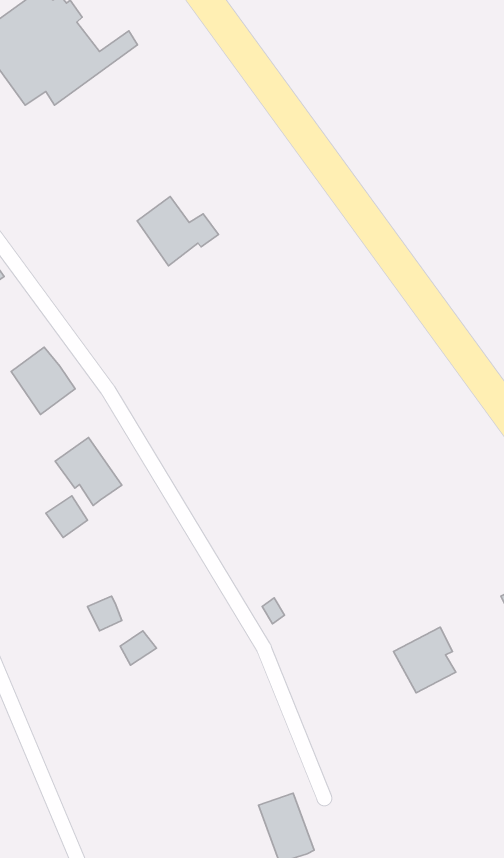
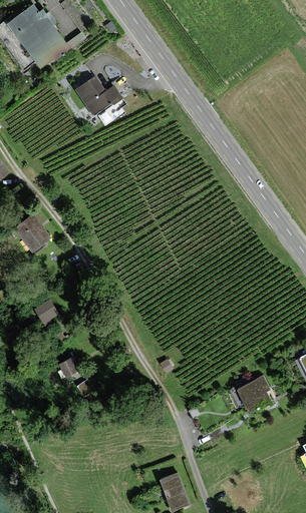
building: [137,197,219,266] -> [75,75,122,115]
building: [55,437,122,505] -> none

